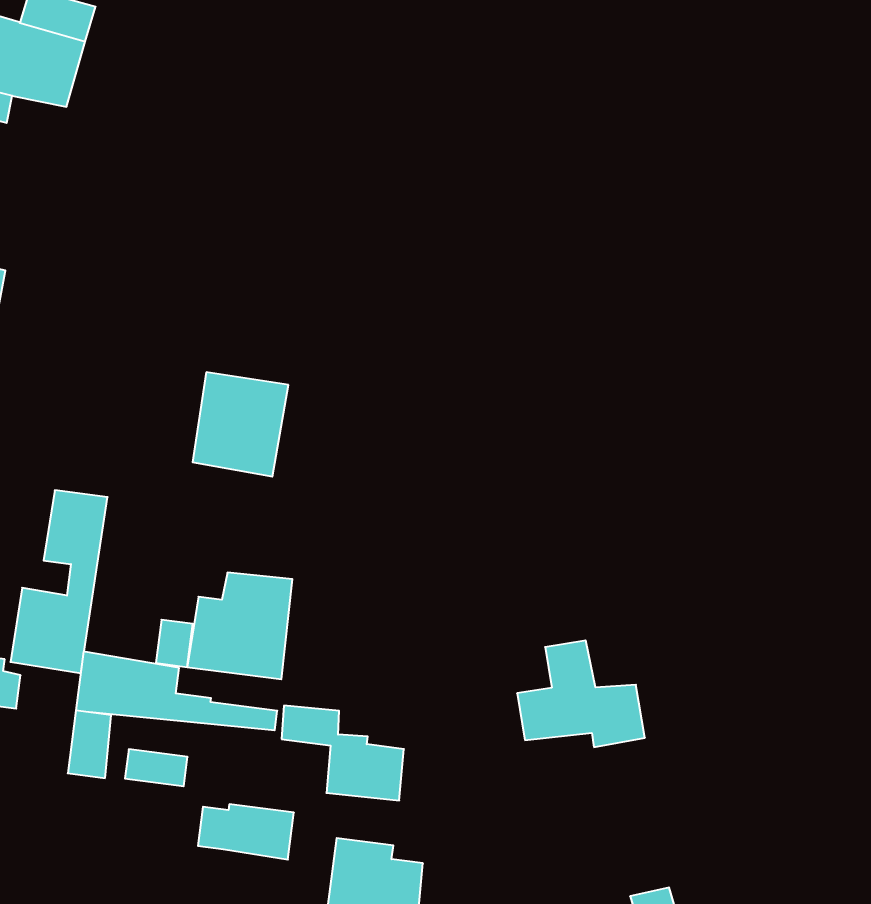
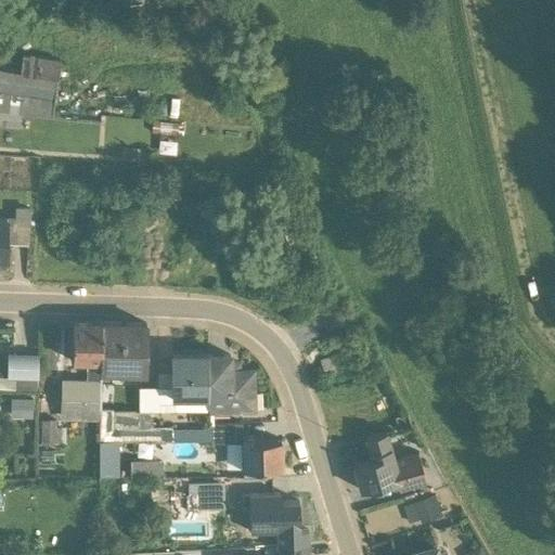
building: [193,372,288,477] -> [101,325,147,377]
building: none -> [208,356,255,412]
building: [517,640,645,747] -> [354,434,427,492]

